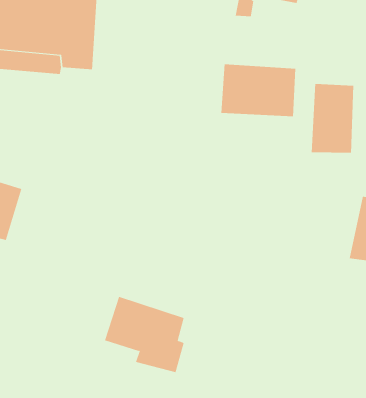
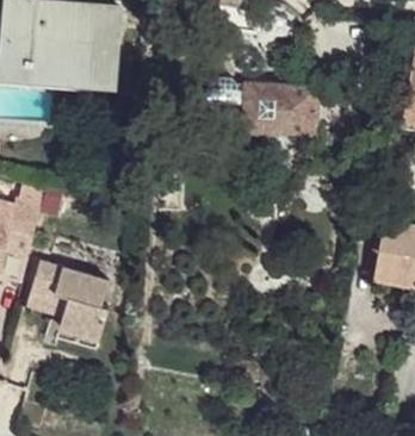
building: [311,83,354,154] -> none
building: [104,296,185,373] -> [27,259,107,335]

